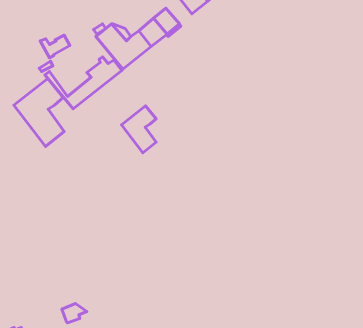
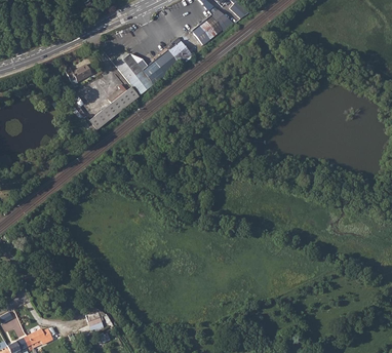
building: [14,78,64,146] -> none
building: [121,106,156,153] -> none

